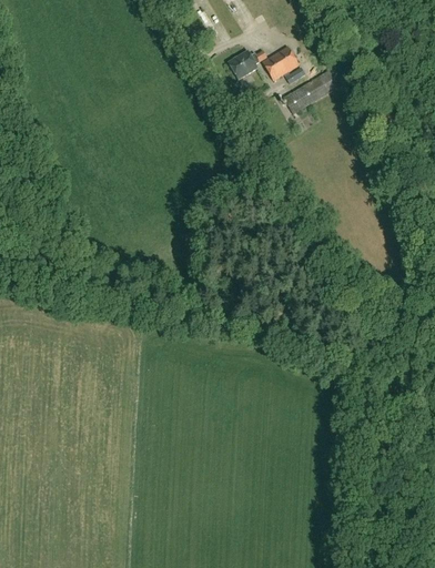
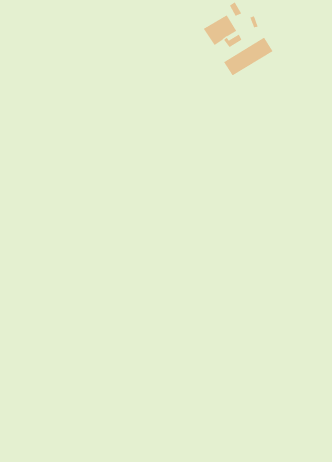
building: [227,49,266,79] -> none

